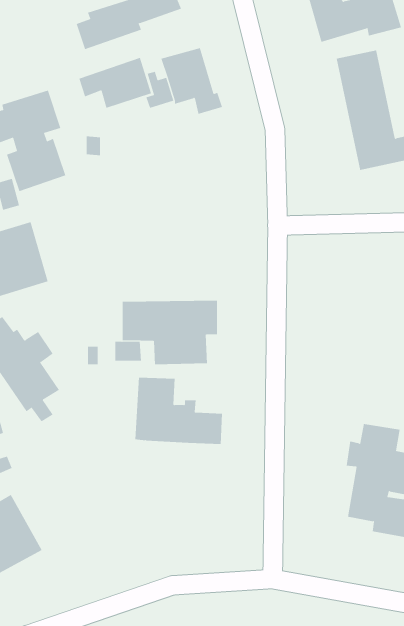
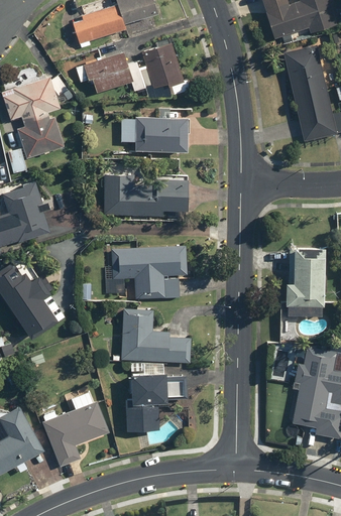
building: none -> [120,109,190,152]
building: none -> [103,174,189,216]
building: none -> [287,245,328,314]
building: none -> [125,361,186,434]
building: none -> [42,399,110,467]

